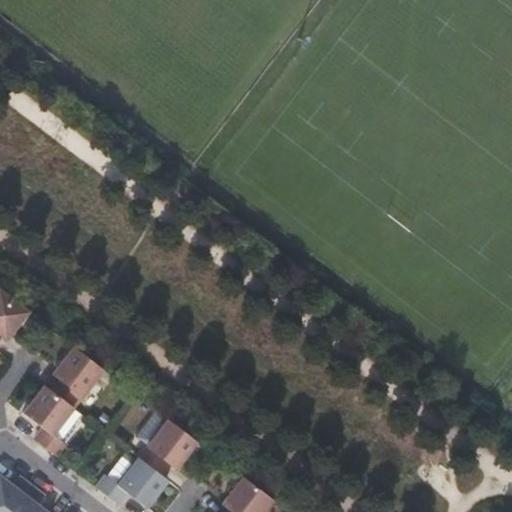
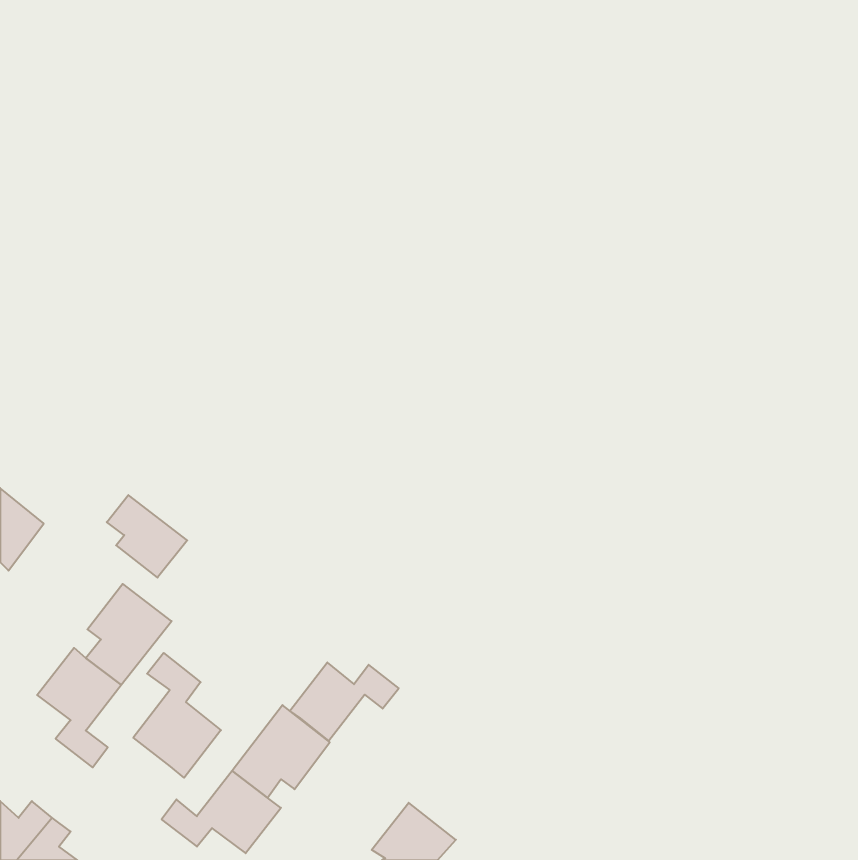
building: none -> [107,495,187,578]
building: none -> [133,653,221,778]
building: none -> [290,662,399,741]

